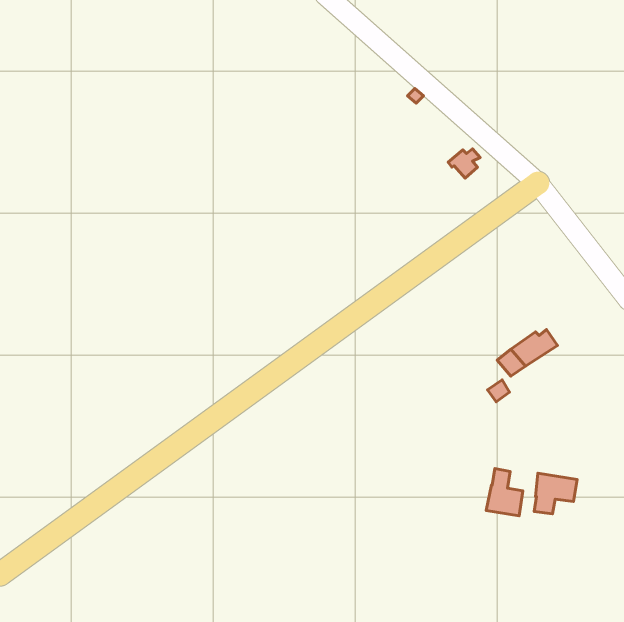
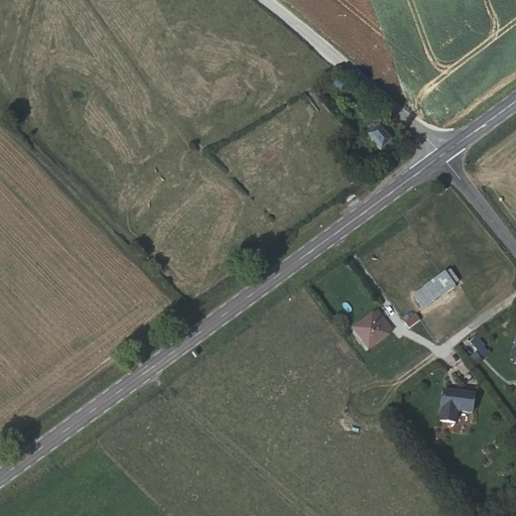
building: none -> [350,308,391,349]
building: [486,469,523,516] -> none

